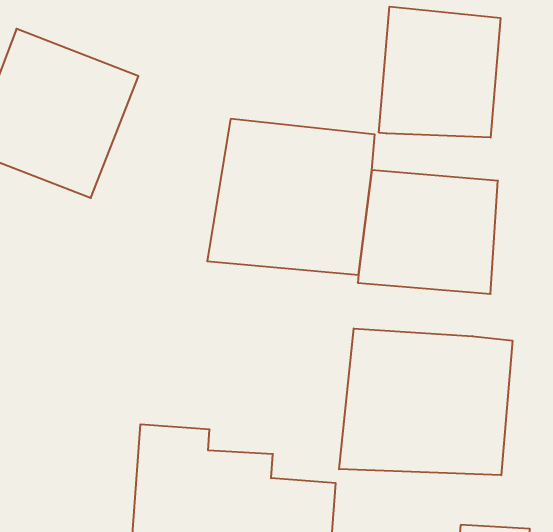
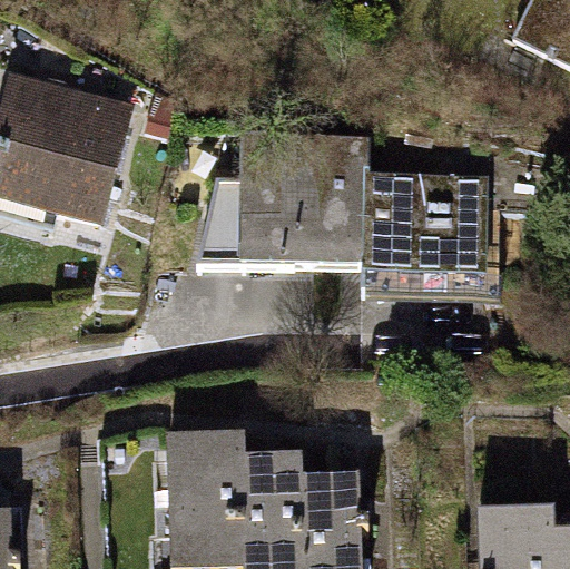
building: [379,7,500,138] -> none
building: [339,328,512,475] -> none

